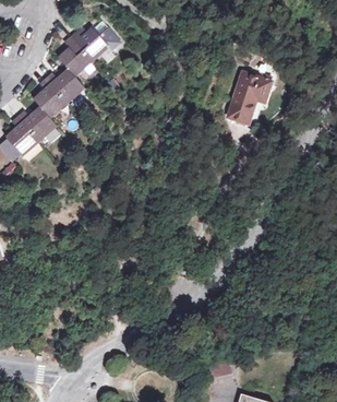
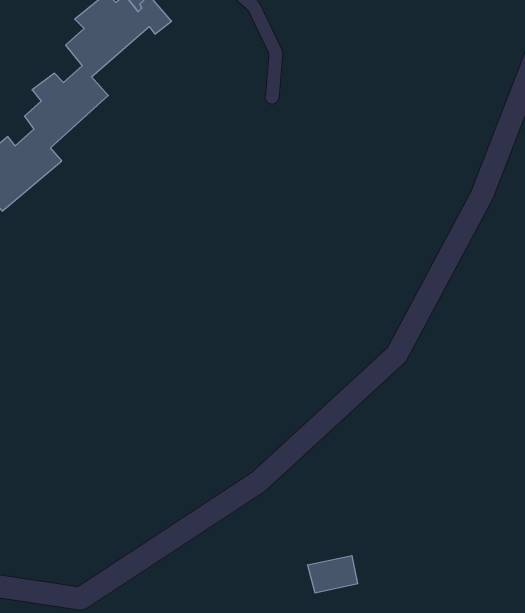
building: [226,72,269,122] -> none

